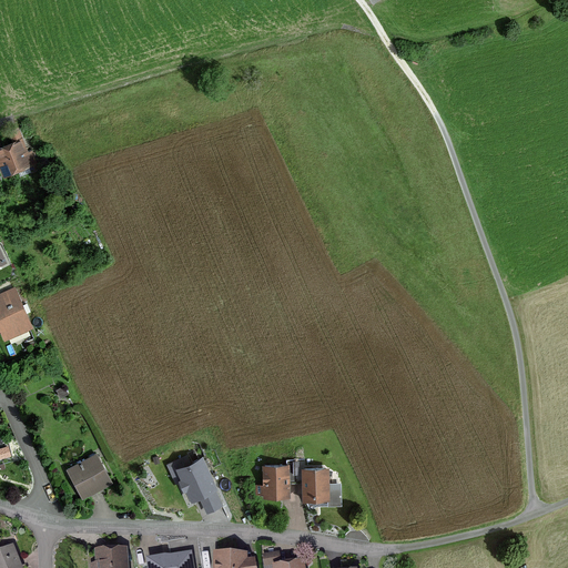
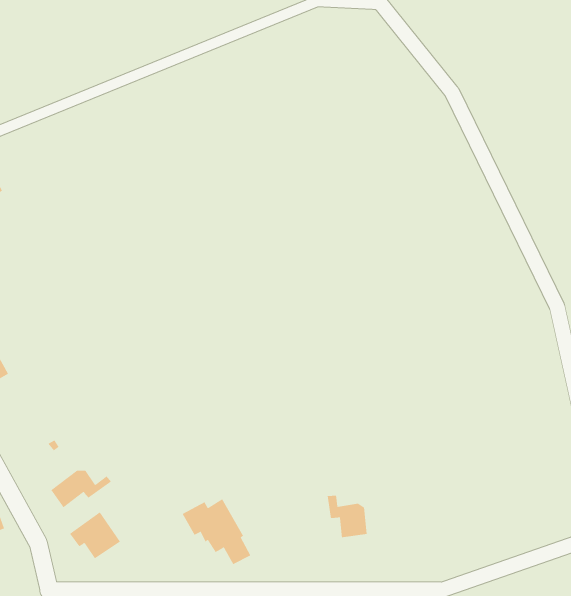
building: none -> [50,470,112,508]
building: [264,459,295,494] -> none

